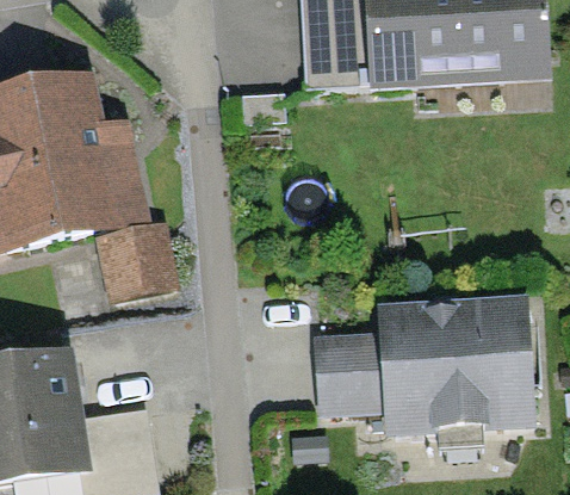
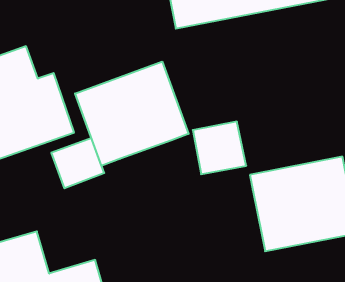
building: none -> [75,62,189,166]
building: [322,335,392,404] -> [193,122,246,174]

